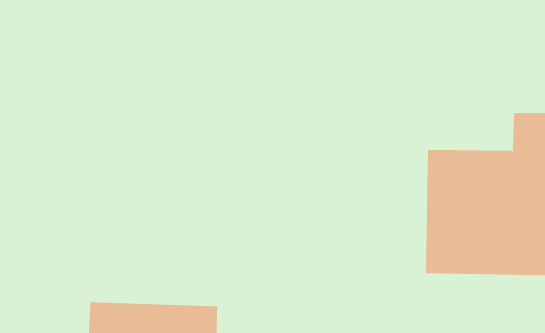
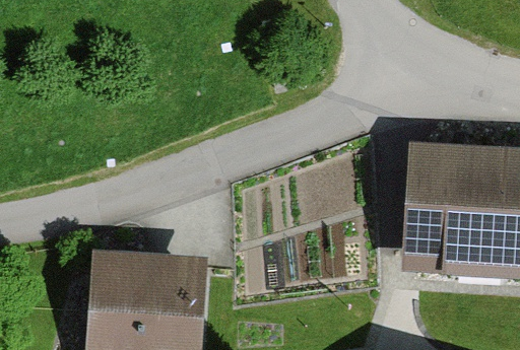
building: none -> [102,249,211,296]

